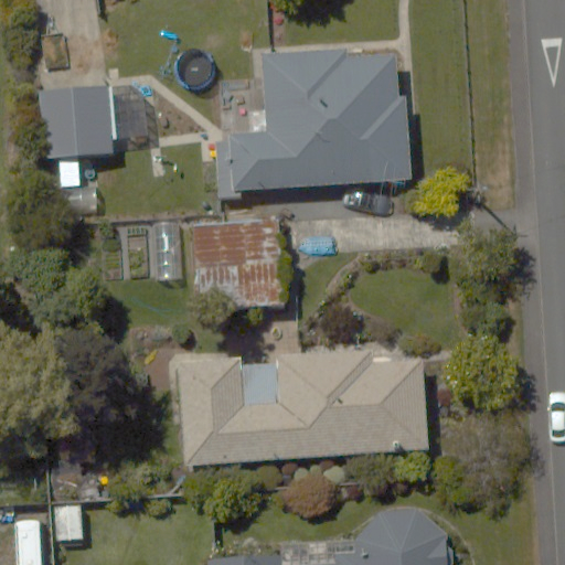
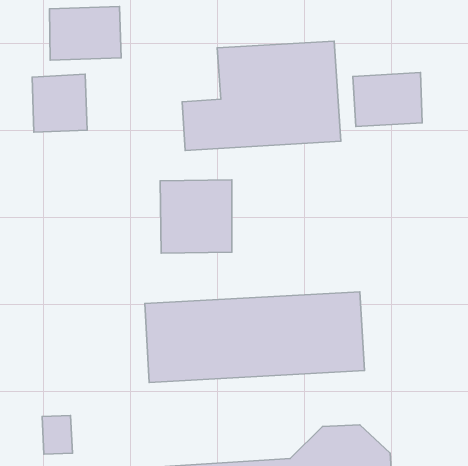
building: none -> [50,7,121,60]
building: none -> [353,72,422,127]

